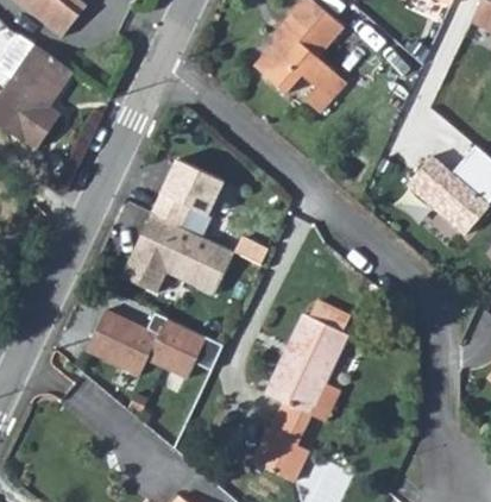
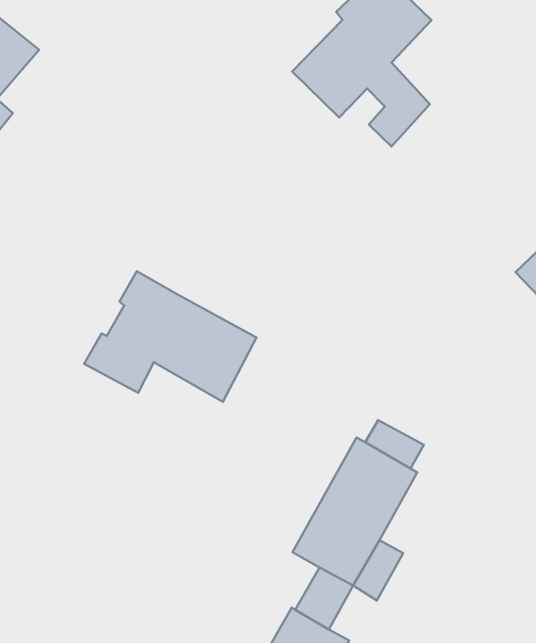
building: [151,159,222,227] -> none
building: [92,312,229,378] -> none

